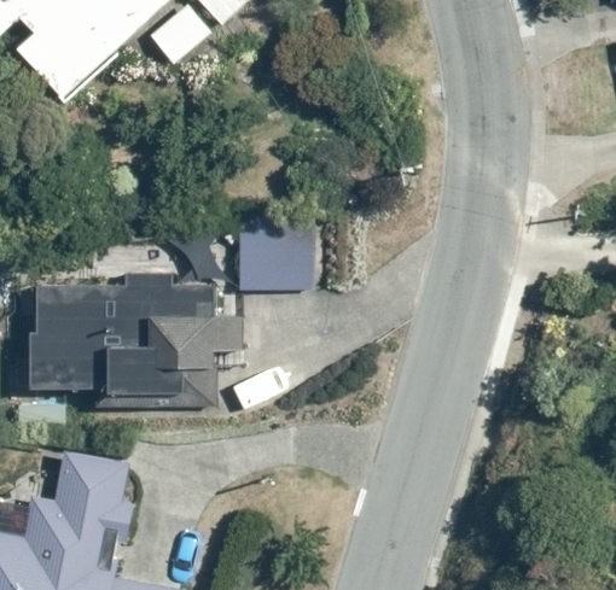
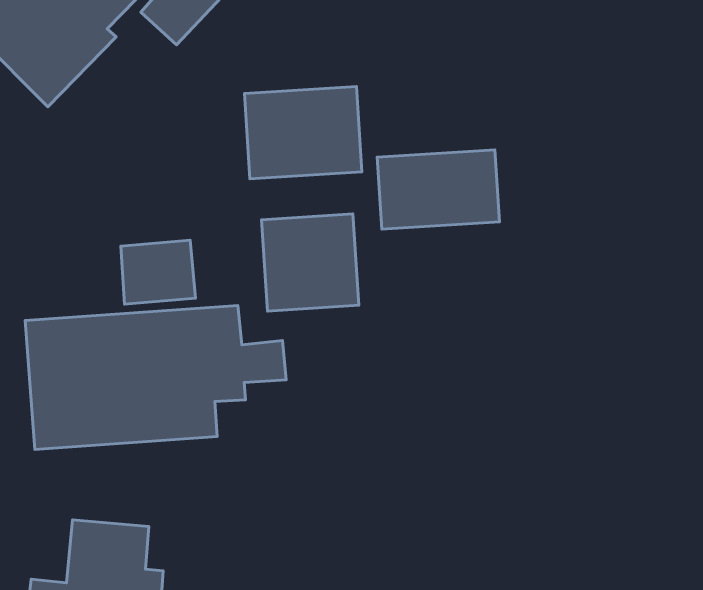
building: none -> [245,86,362,179]
building: none -> [377,150,499,229]

